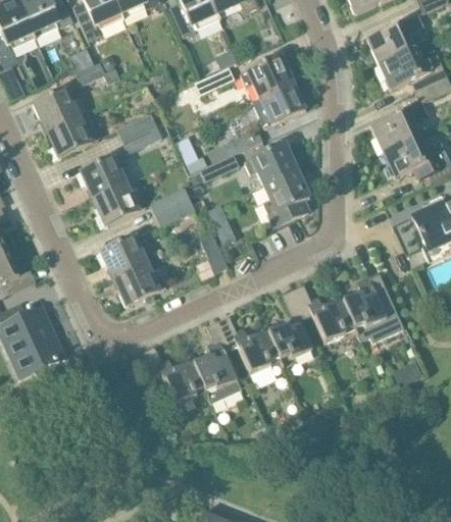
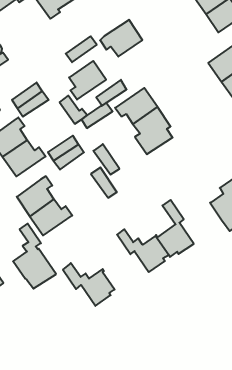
building: [257,82,304,126] -> [69,61,106,100]
building: [292,283,352,342] -> none
building: [191,319,242,402] -> [13,224,56,289]

